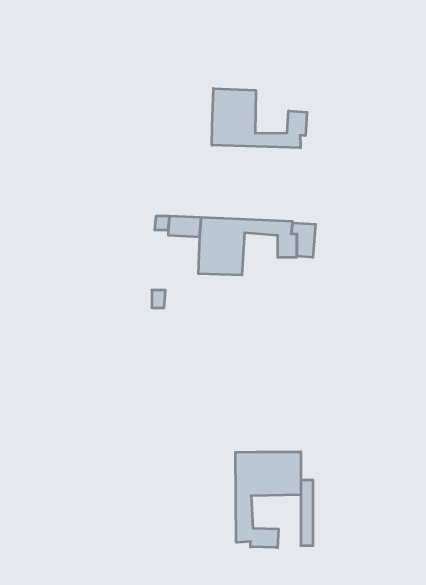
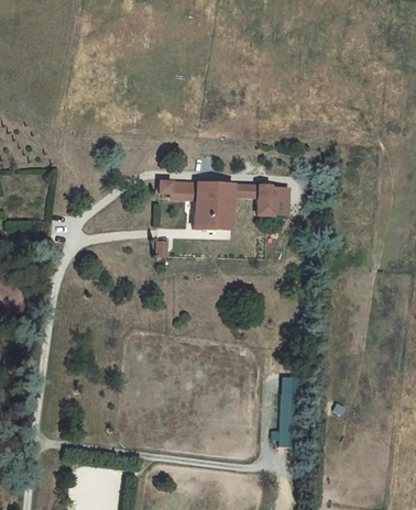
building: [212,88,307,148] -> none
building: [235,452,301,548] -> none

